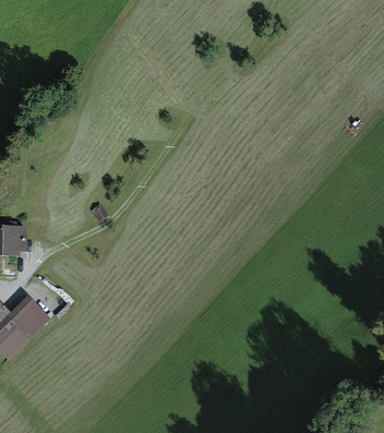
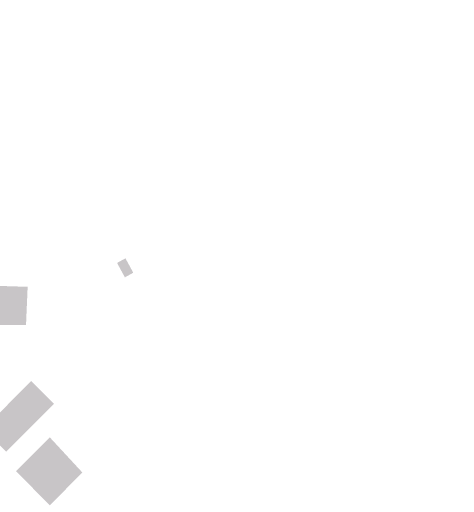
building: none -> [15,436,83,506]

